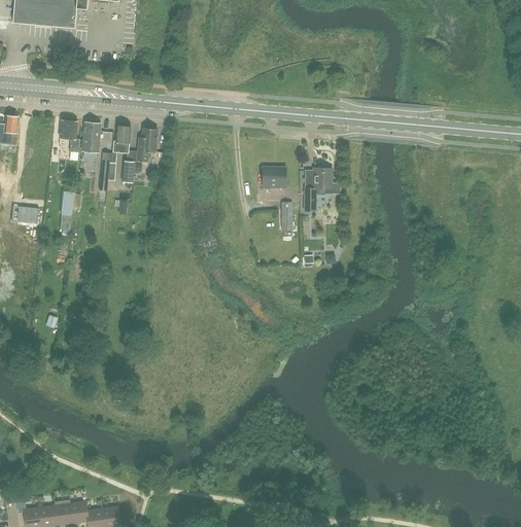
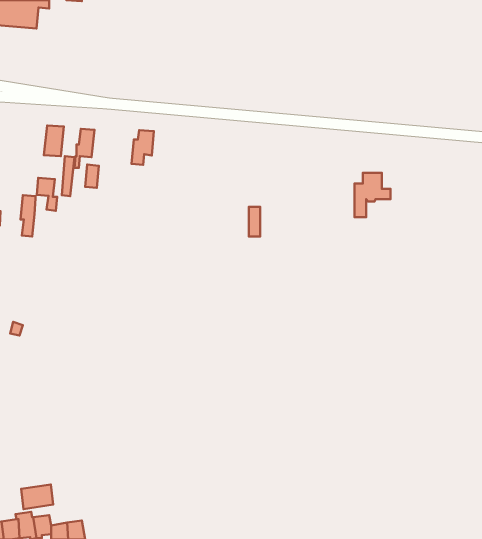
building: [60,120,79,152] -> [37,178,57,211]
building: [136,128,158,162] -> [132,130,154,165]
building: [263,167,286,187] -> none
building: [305,168,340,211] -> [355,173,390,217]
building: none -> [21,484,53,509]

